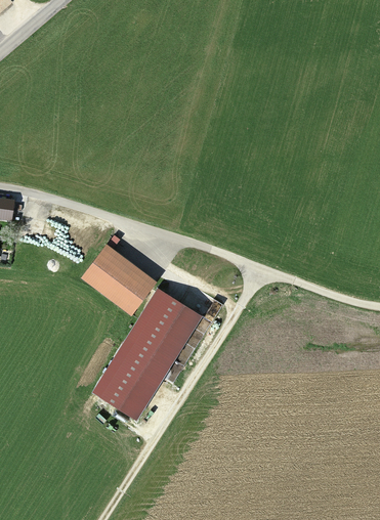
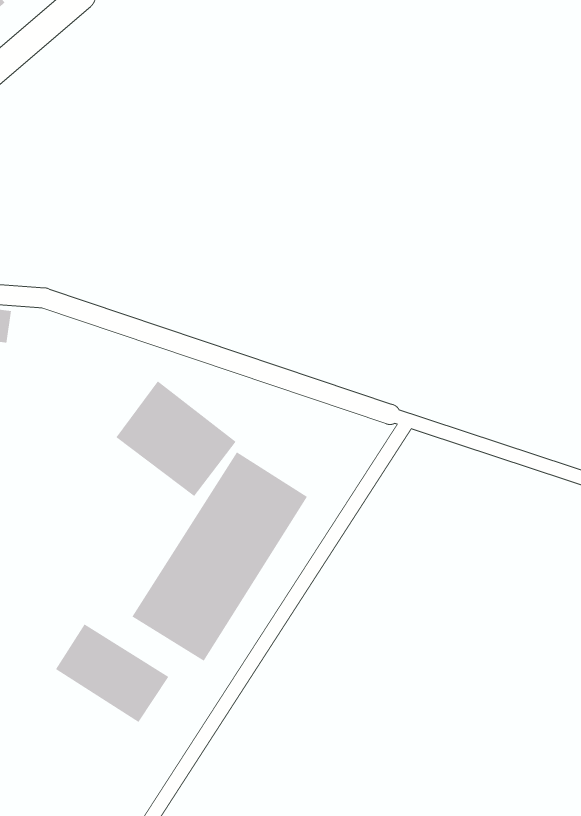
building: none -> [55,623,169,723]

